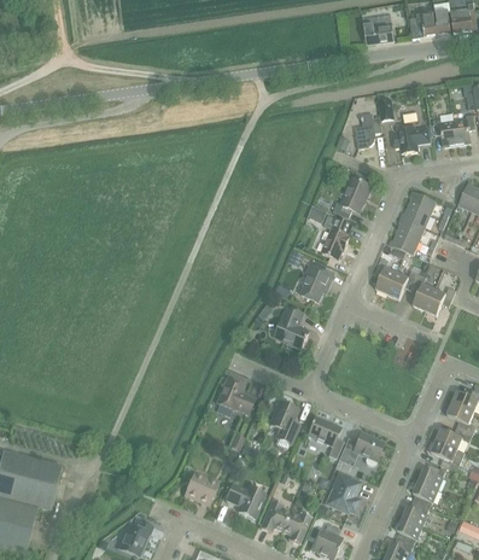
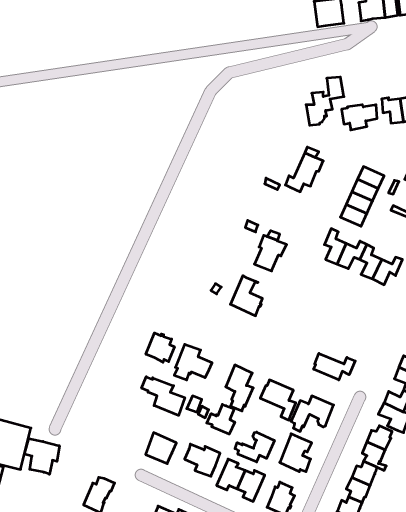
building: [321,214,350,258] -> none
building: none -> [146,333,174,362]
building: none -> [314,353,355,380]
building: none -> [142,377,185,415]
building: none -> [207,404,235,434]
building: none -> [235,432,274,462]
building: none -> [24,438,59,474]

